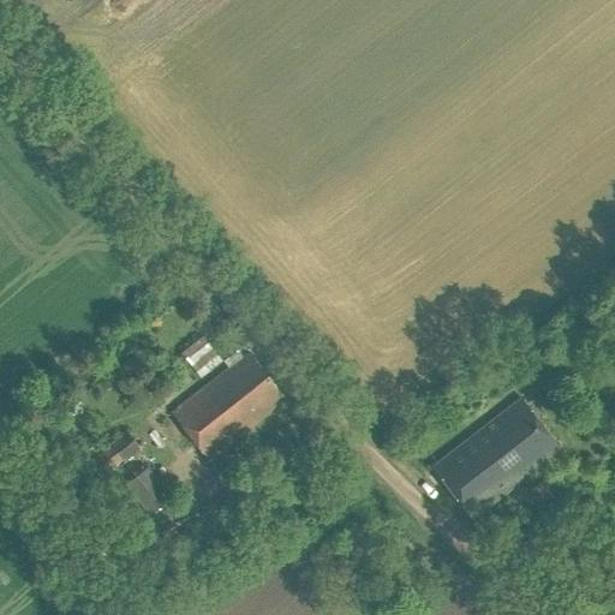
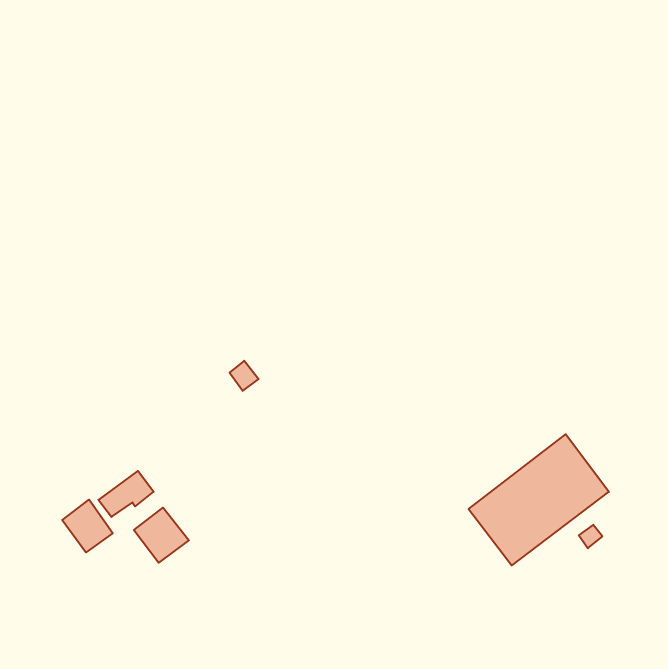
building: [171,352,285,459] -> none
building: none -> [62,500,113,552]

